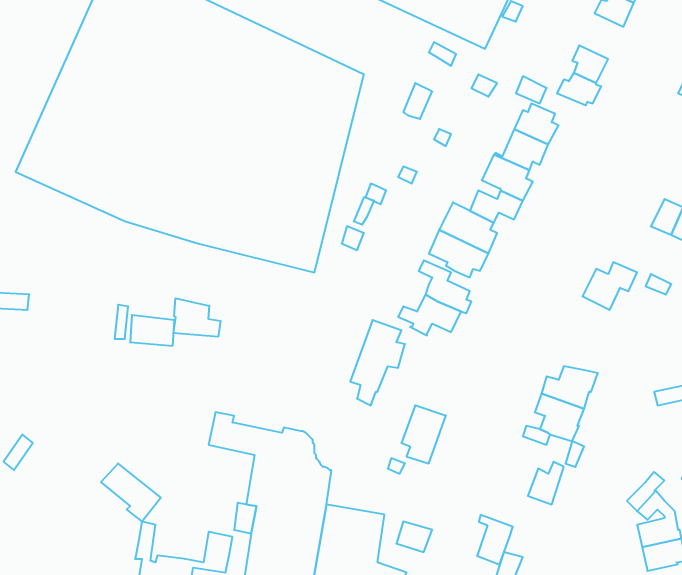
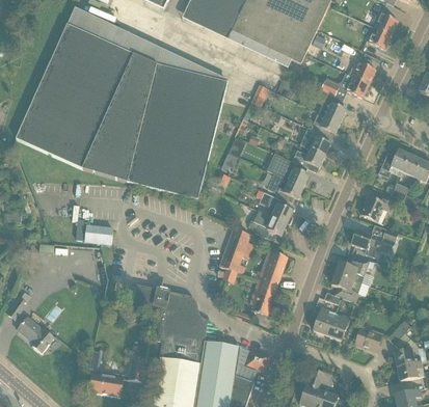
building: none -> [381,148,410,171]
building: [174,298,220,337] -> none
building: none -> [350,227,398,255]
building: none -> [259,250,288,286]
building: [101,463,161,521] -> [17,317,53,352]
building: none -> [355,326,382,351]
building: [477,515,513,564] -> [314,304,336,334]

